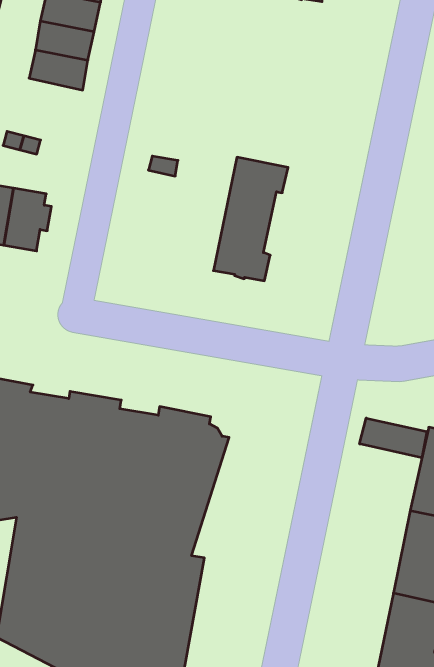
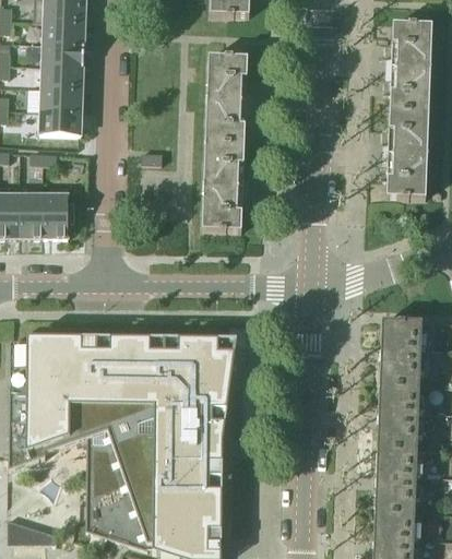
building: none -> [205,55,248,143]
building: none -> [39,109,82,134]
building: [360,418,427,458] -> none

